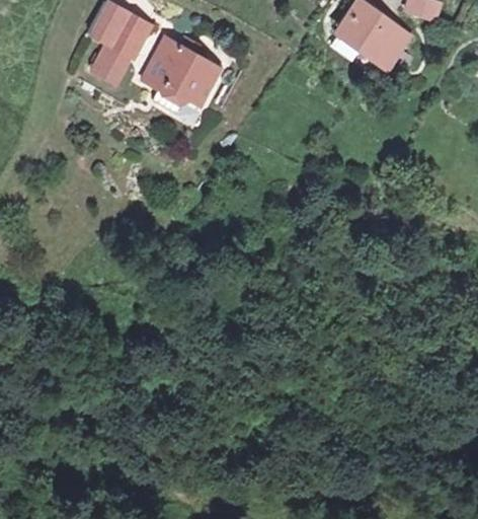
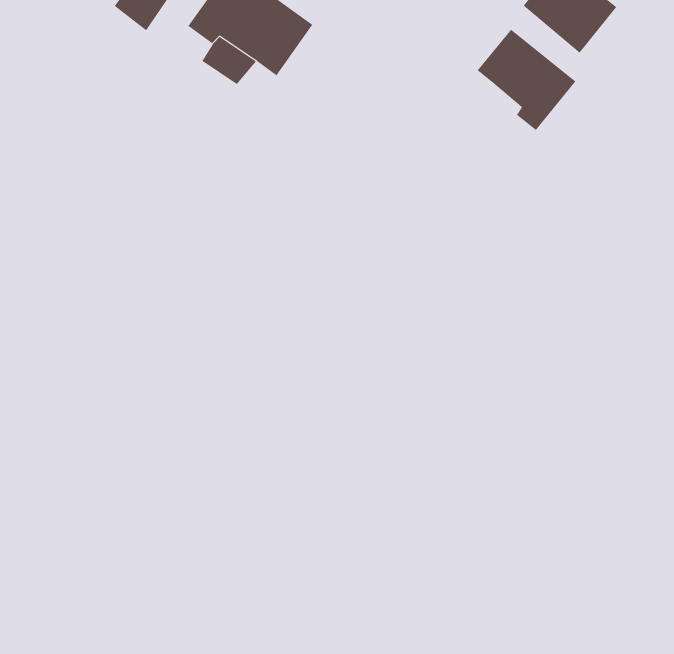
building: none -> [477,29,576,131]

